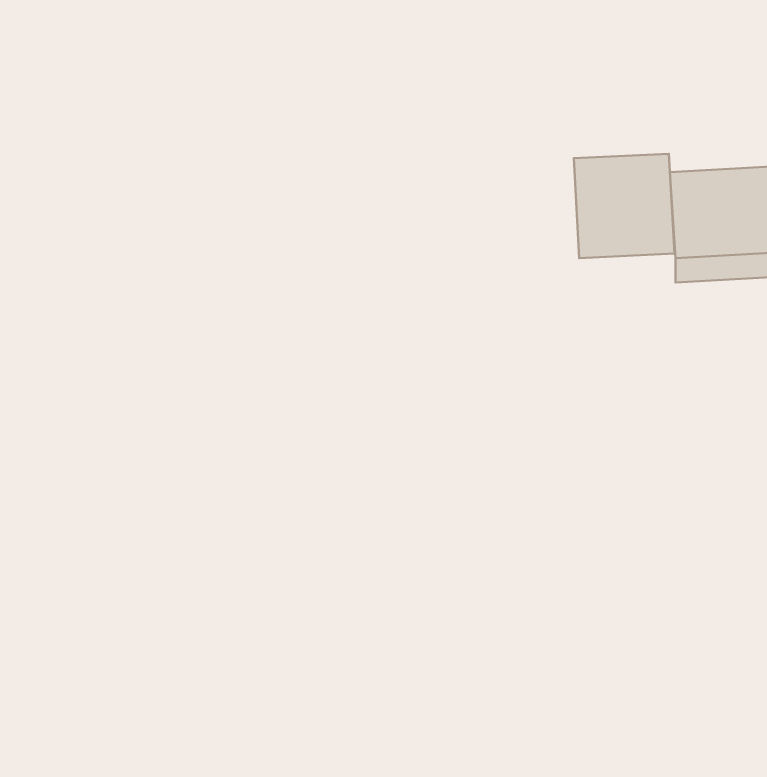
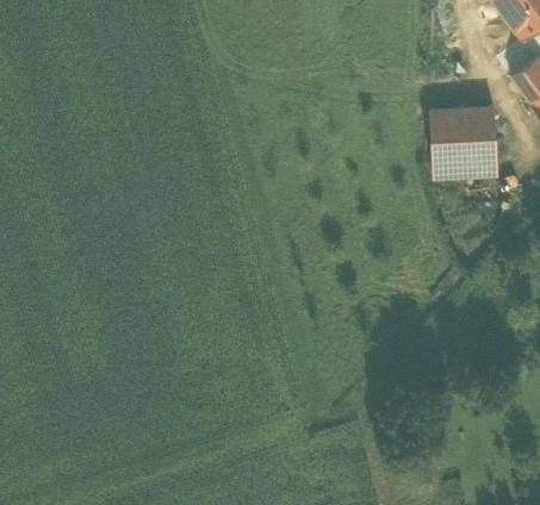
building: [574,154,675,258] -> none

